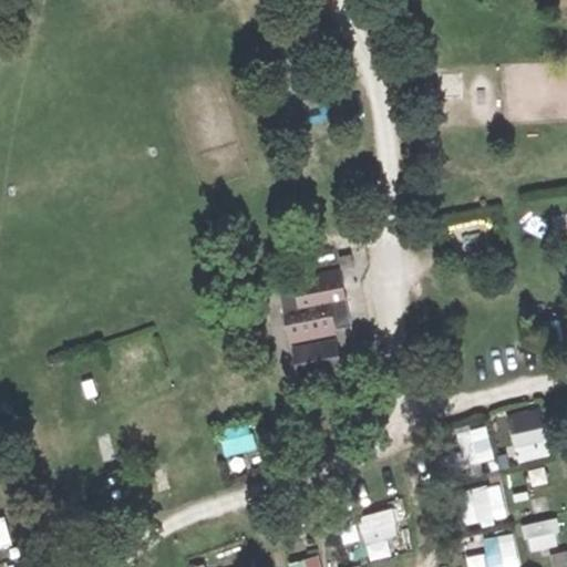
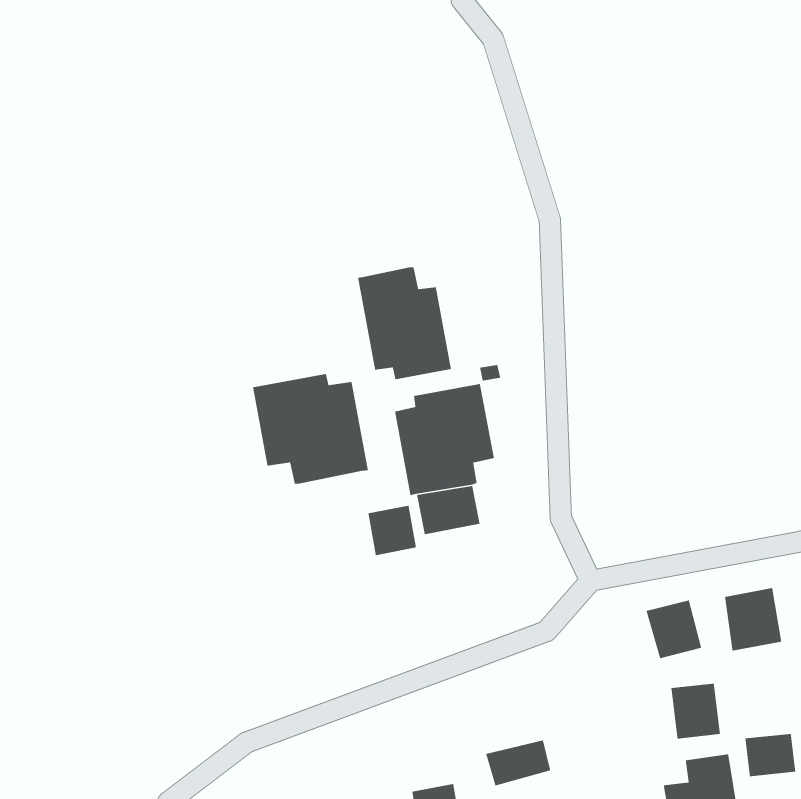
building: none -> [357,266,452,380]
building: none -> [252,373,369,485]
building: none -> [368,505,417,556]

